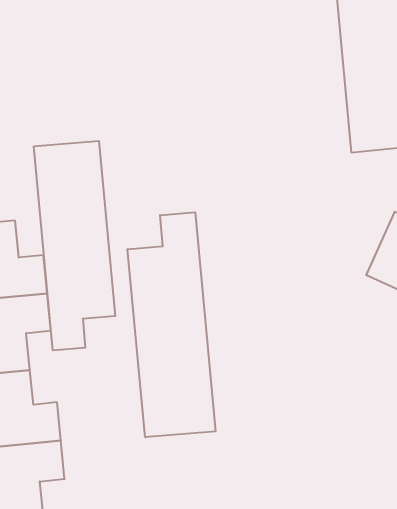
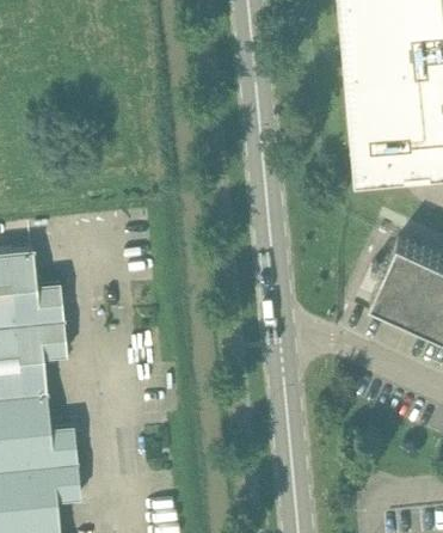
building: [34,141,115,350] -> none
building: [128,212,215,437] -> none

